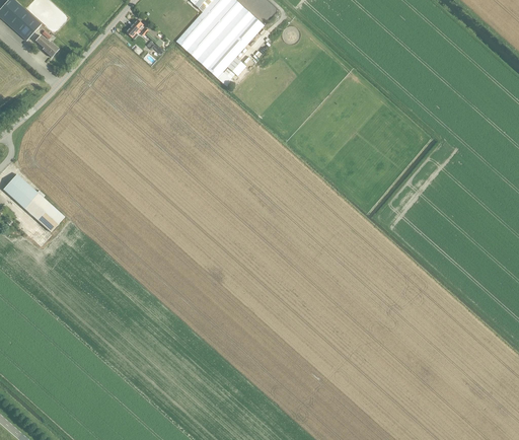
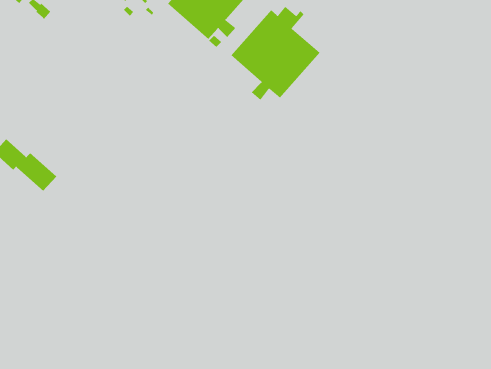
building: none -> [231,6,320,101]

